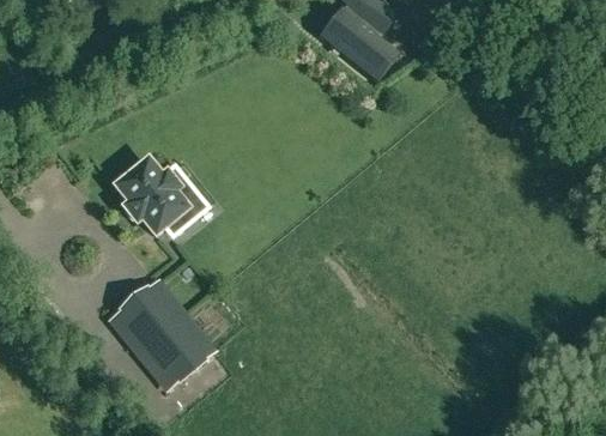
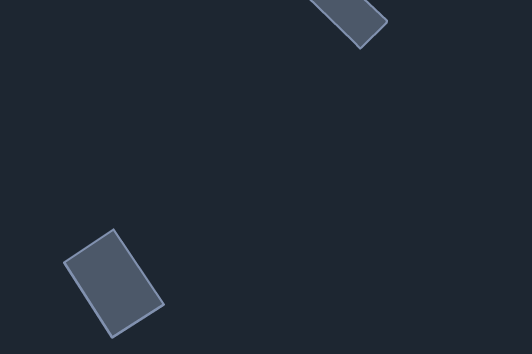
building: [117,158,193,232] -> none

